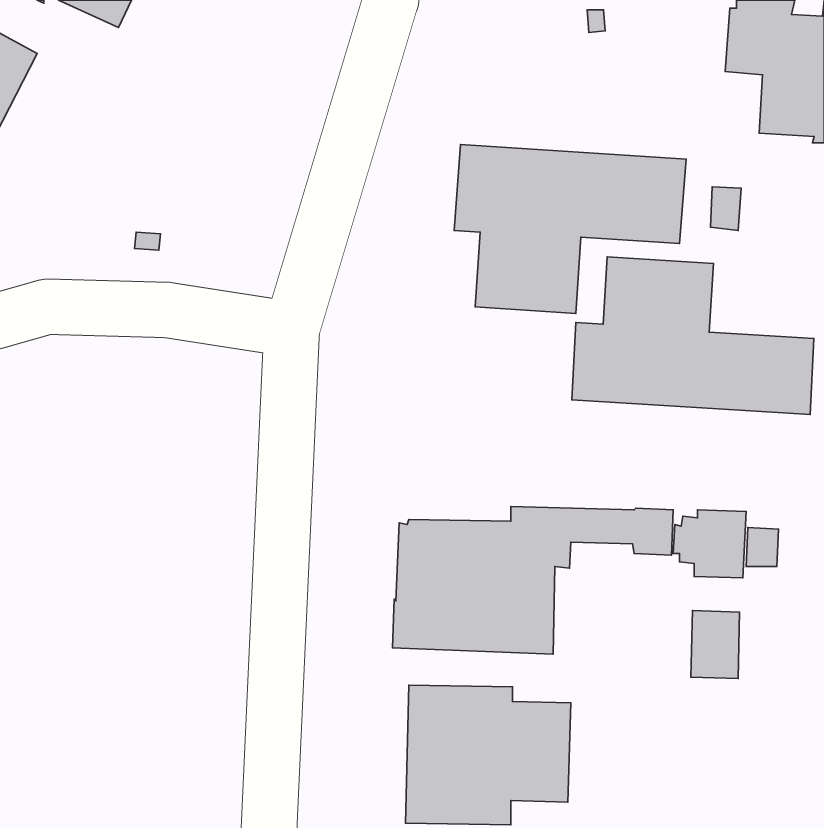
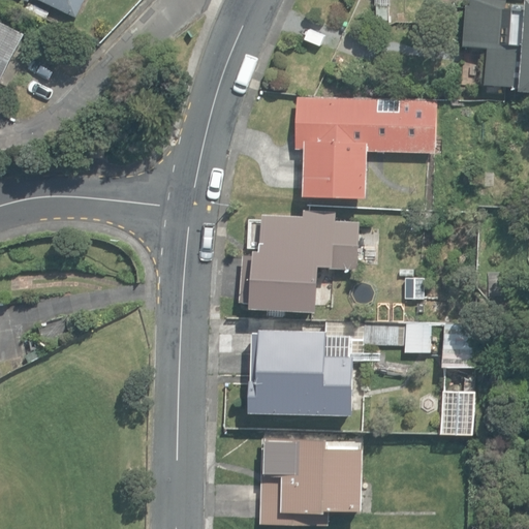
building: [572,257,814,415] -> none
building: none -> [240,211,359,313]

